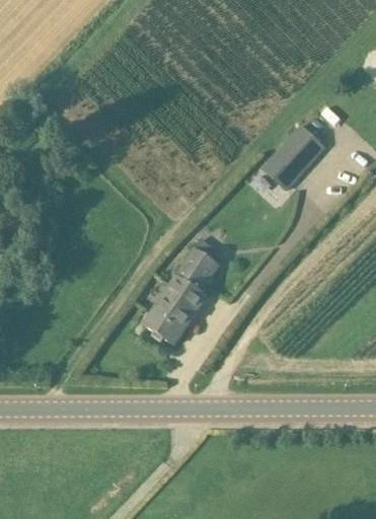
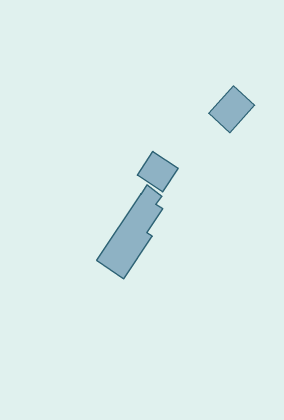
building: none -> [137,151,178,192]

